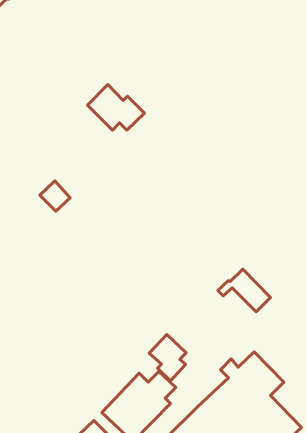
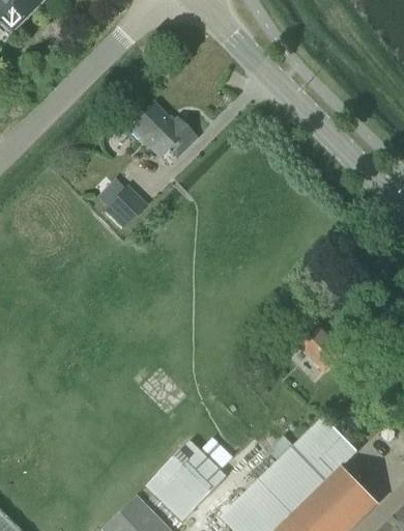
building: [40,181,70,211] -> [109,188,144,223]
building: [149,334,186,381] -> none

